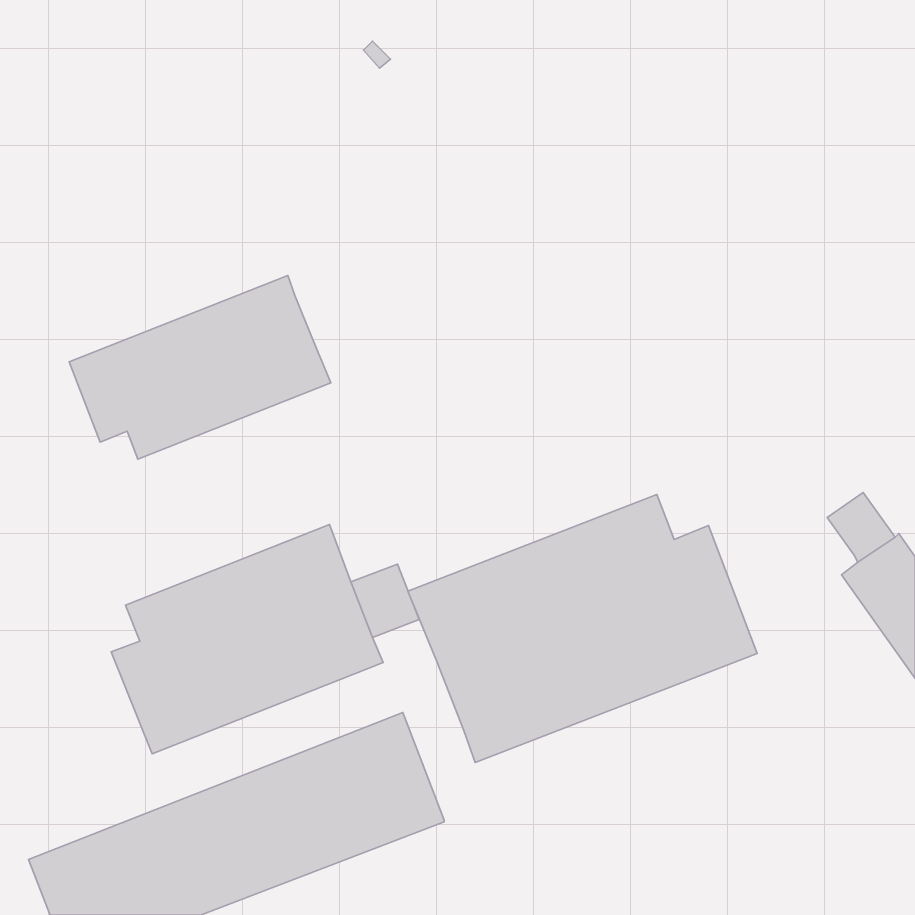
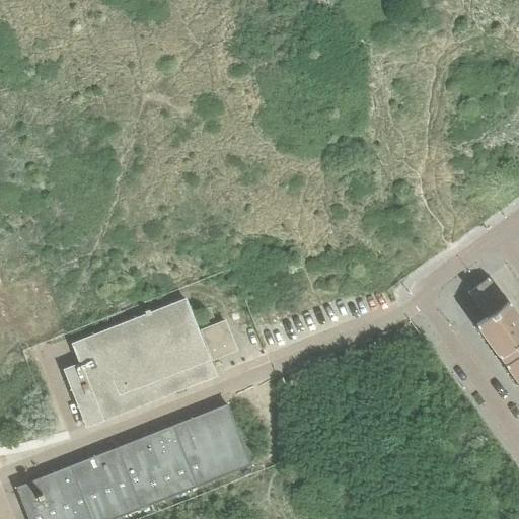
building: [69,276,331,459] -> none
building: [408,495,757,762] -> none

